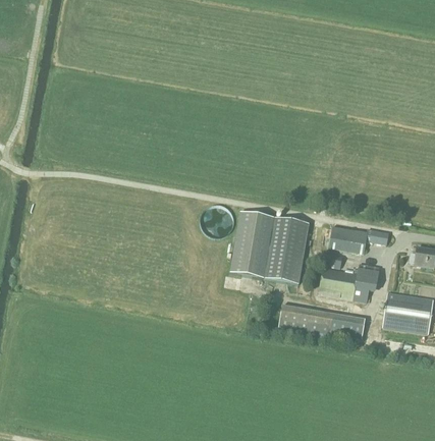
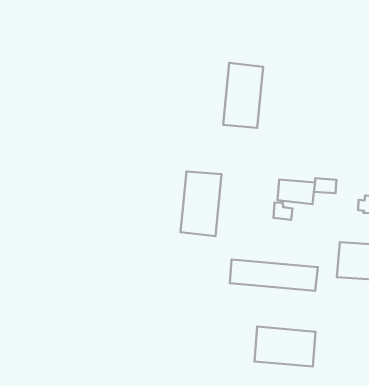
building: [265,217,309,283] -> [223,63,263,128]
building: [319,263,380,301] -> none
building: none -> [255,327,315,367]

